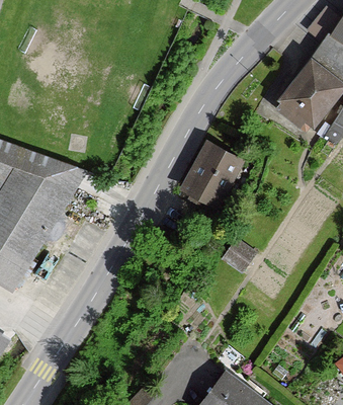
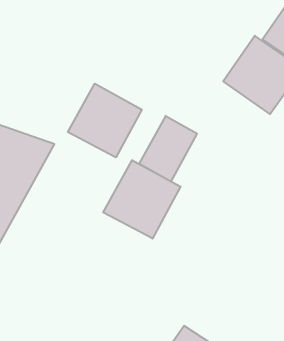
building: none -> [68,84,142,157]
building: none -> [103,160,181,239]

